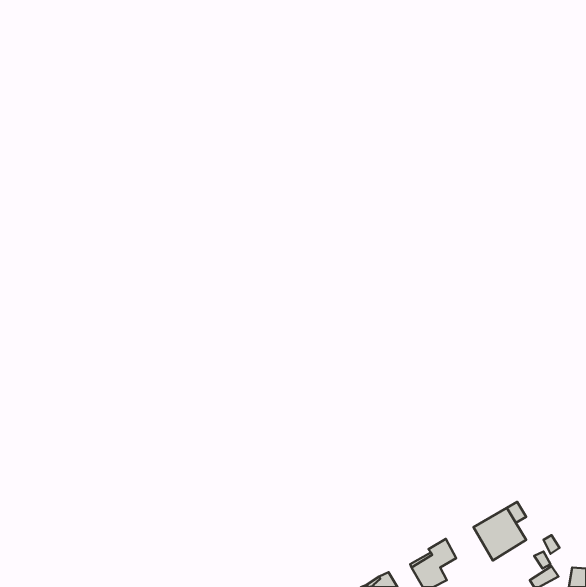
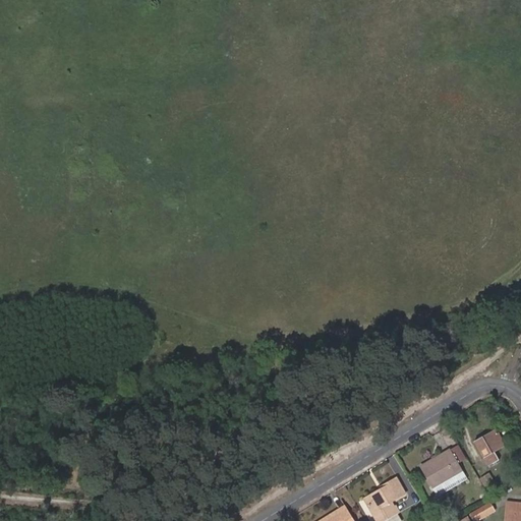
building: none -> [474,429,504,465]

